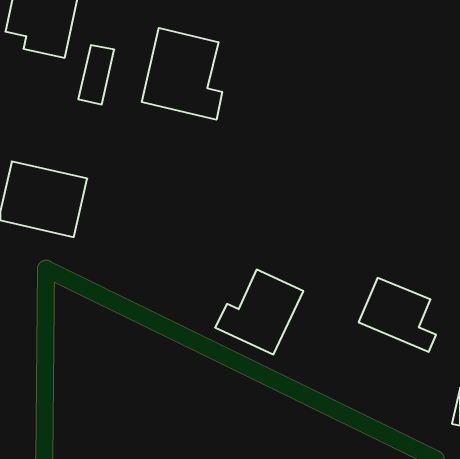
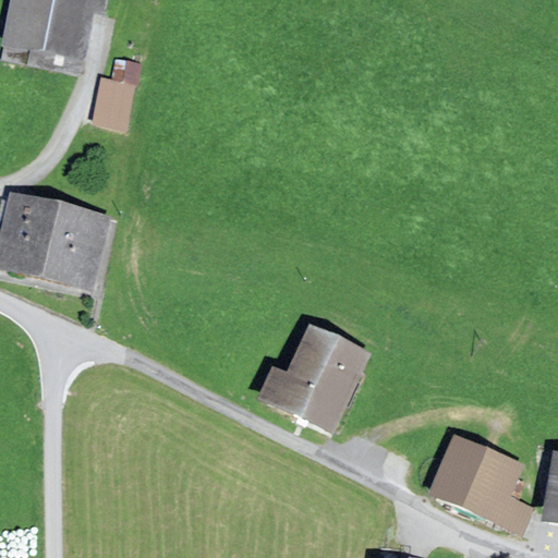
building: [142,28,222,120] -> none
building: [359,278,436,352] -> [433,437,526,526]

